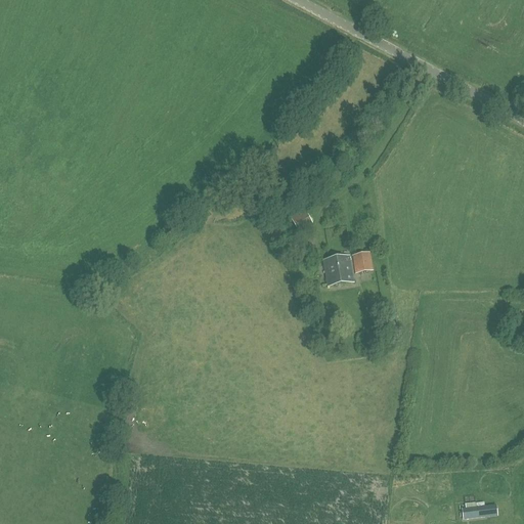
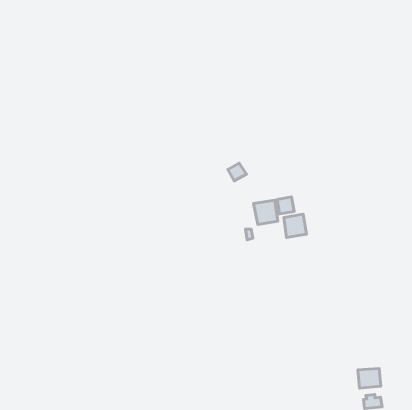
building: none -> [284,214,306,237]
building: none -> [358,368,381,388]

